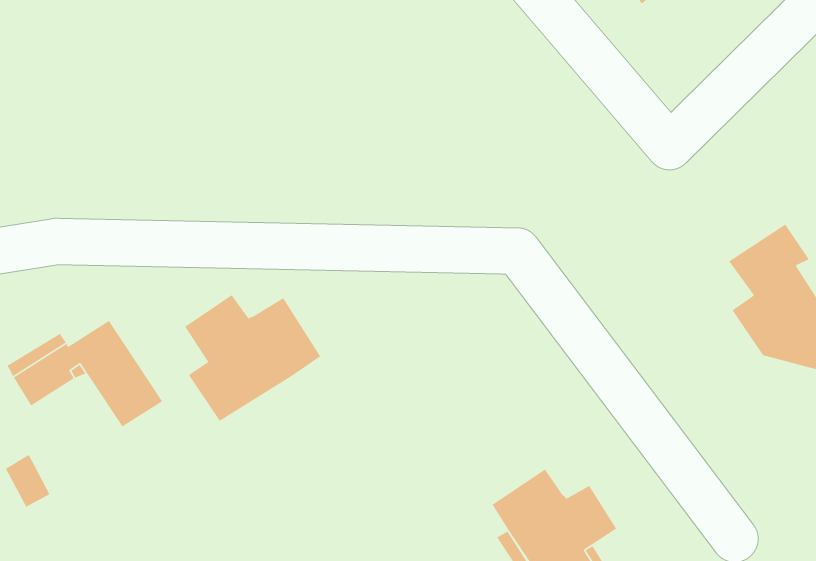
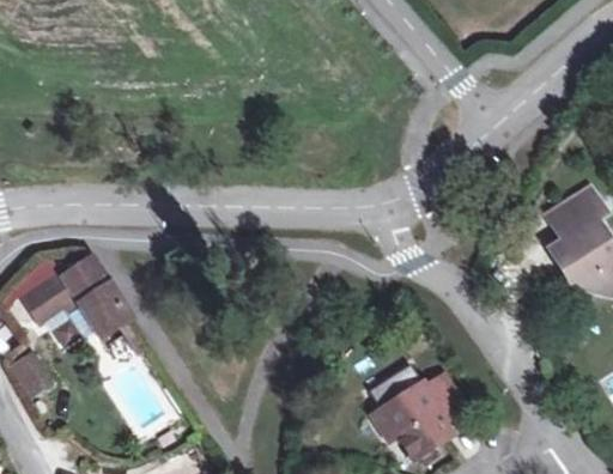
building: [184,294,321,422] -> none

